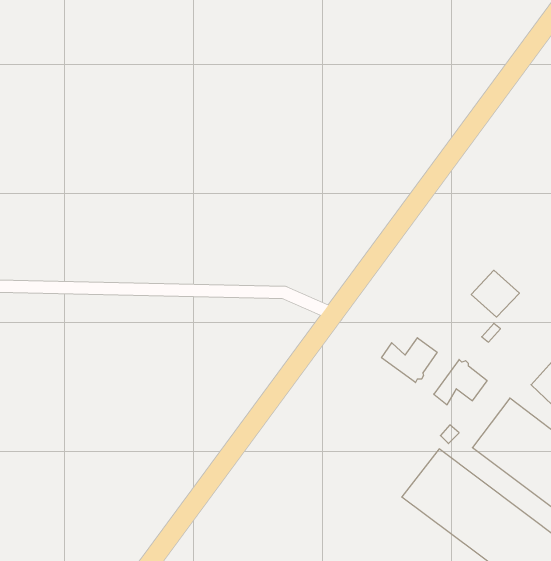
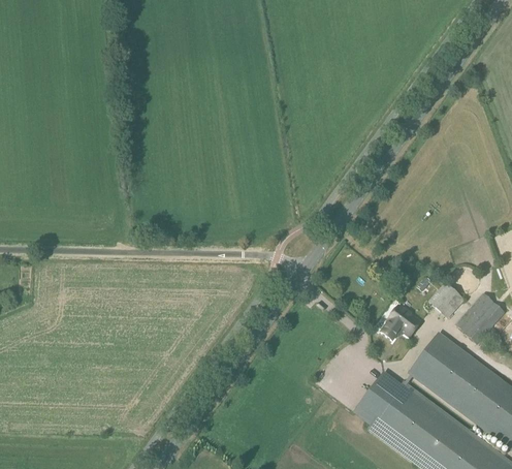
building: [471,270,519,317] -> [428,280,466,316]
building: [382,338,437,383] -> none

